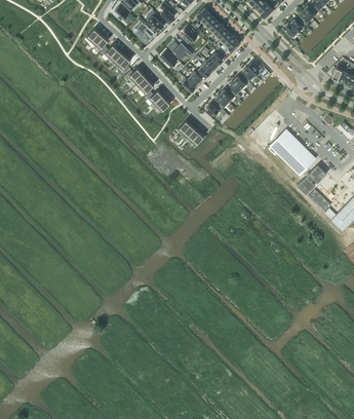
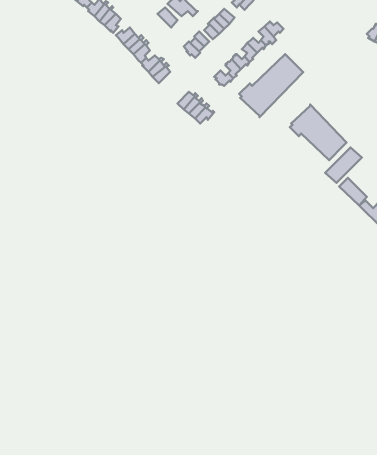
building: none -> [239,54,303,117]

